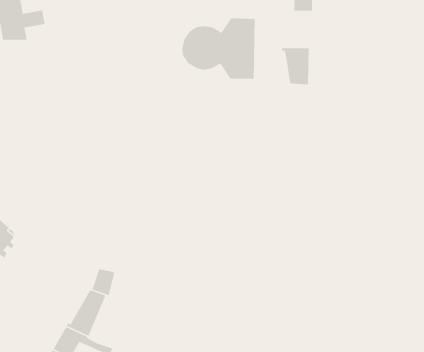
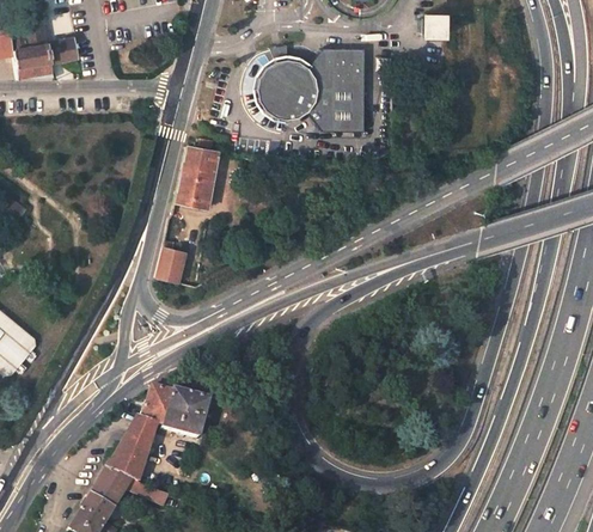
building: [281,48,309,85] -> none
building: none -> [175,148,218,208]
building: none -> [155,247,185,283]
building: none -> [164,390,208,439]

